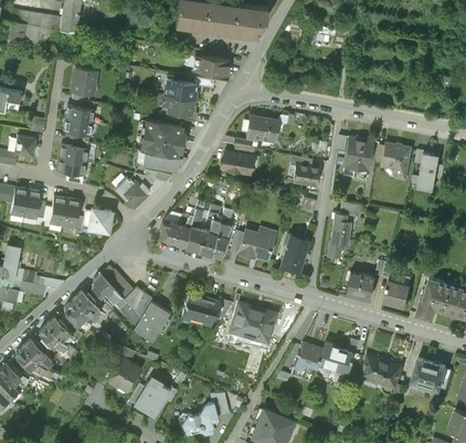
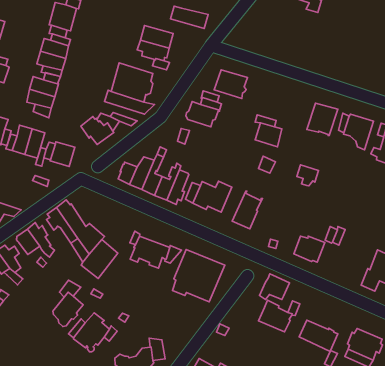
building: [328,213,351,257] -> none
building: [384,281,411,308] -> none
building: [295,344,324,370] -> [259,274,289,300]

